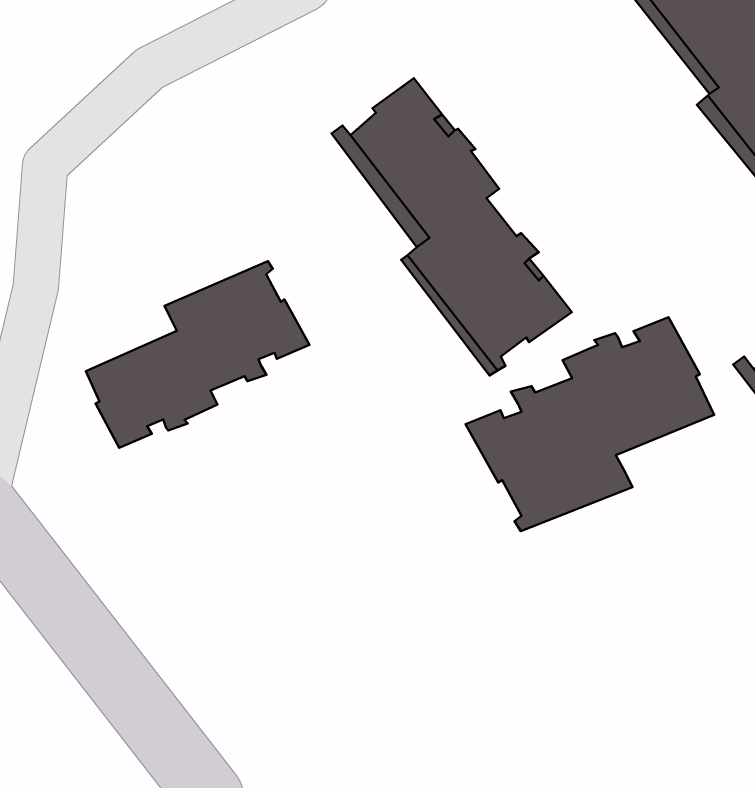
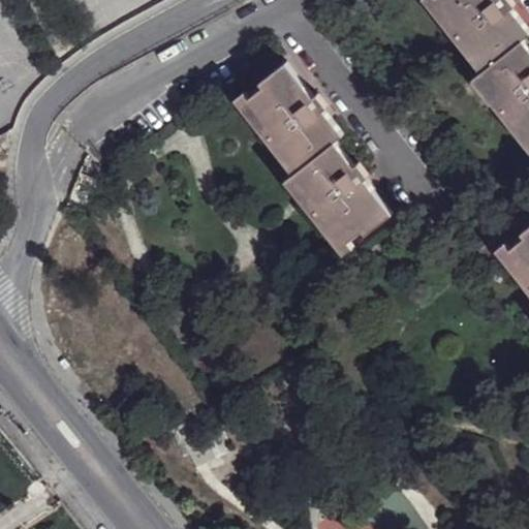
building: [86,261,309,448] -> none
building: [465,317,714,531] -> none

